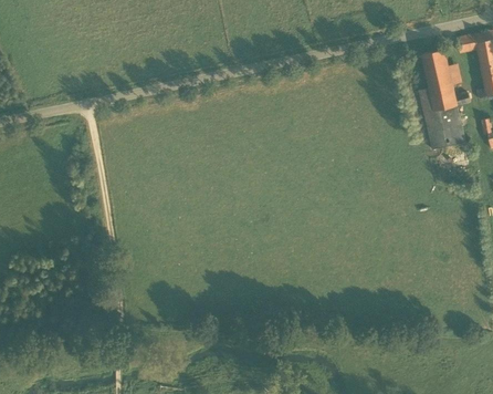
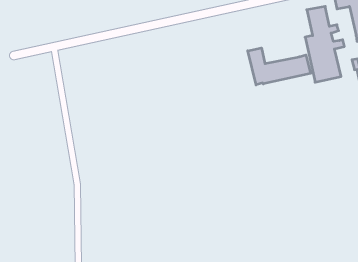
building: none -> [248,48,311,85]

